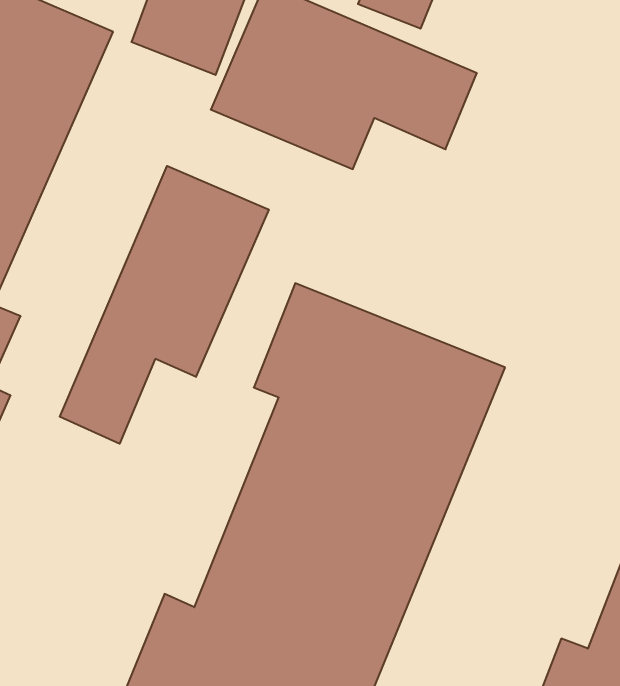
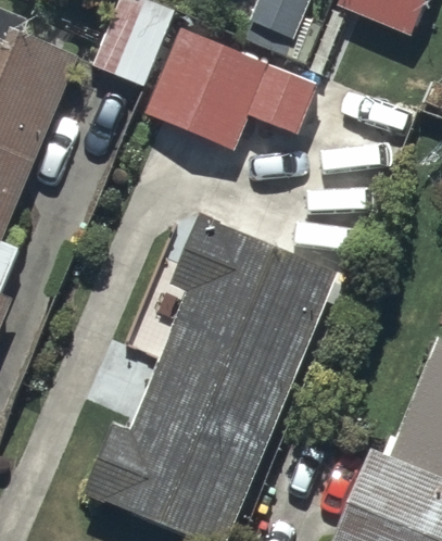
building: [60,166,269,444] -> none

